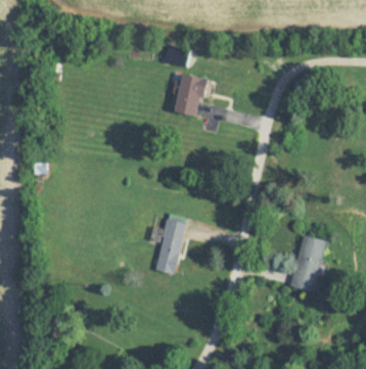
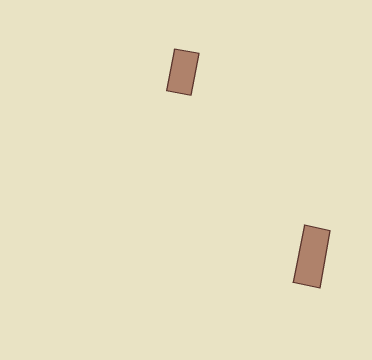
building: [154,214,187,275] -> none

